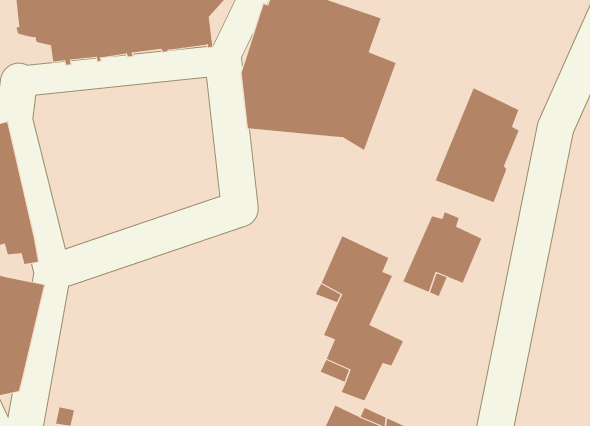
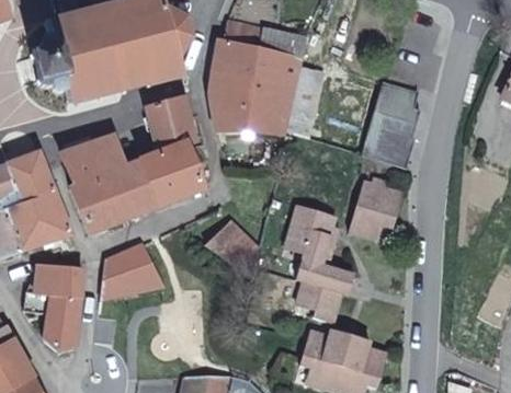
building: none -> [60,95,204,235]
building: none -> [203,220,259,277]
building: none -> [100,243,162,297]

